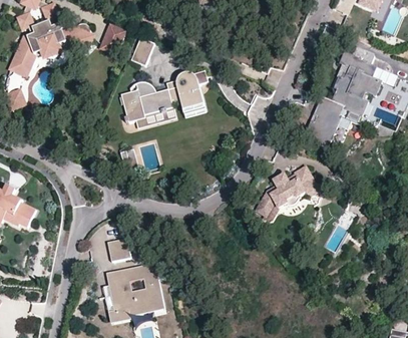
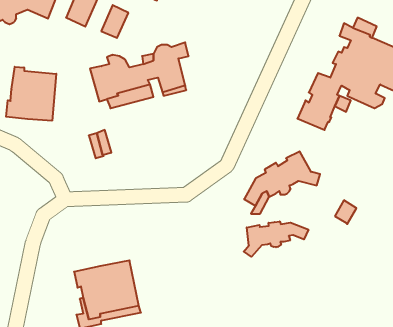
building: none -> [6,67,56,121]
building: none -> [244,221,308,257]
building: [107,238,130,262] -> none

